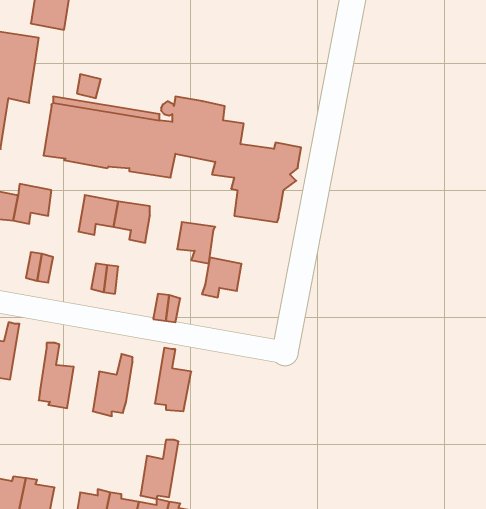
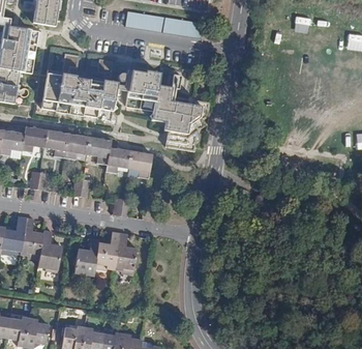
building: none -> [125,11,203,37]
building: none -> [44,129,68,156]
building: [202,258,242,297] -> [105,146,131,172]
building: none -> [20,216,43,259]
building: [140,440,179,499] -> [95,231,120,269]

